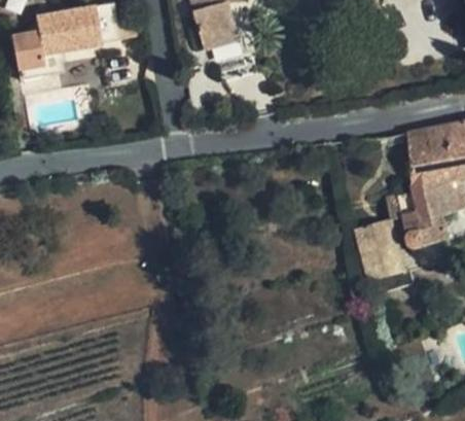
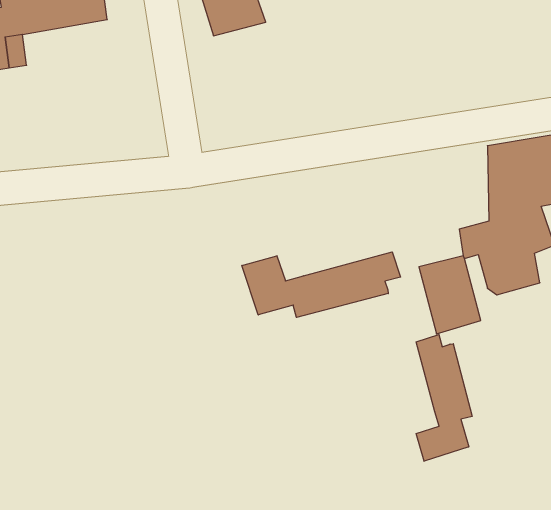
building: none -> [242,252,401,317]
building: none -> [416,334,472,461]

